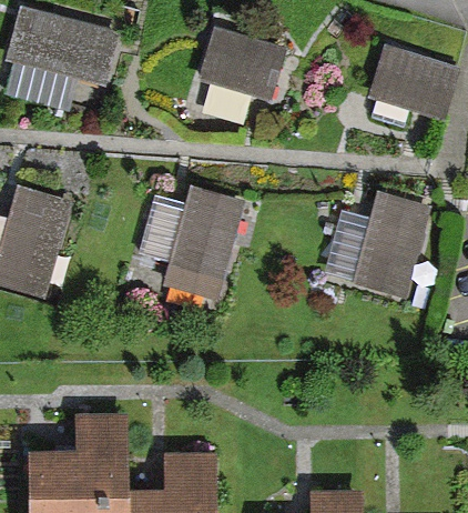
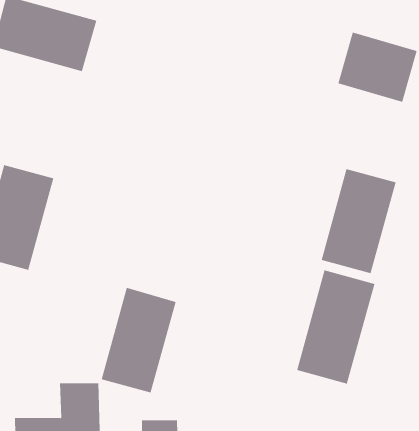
building: [192,26,284,107] -> none
building: [164,190,244,302] -> [101,287,177,393]
building: none -> [296,269,375,385]

